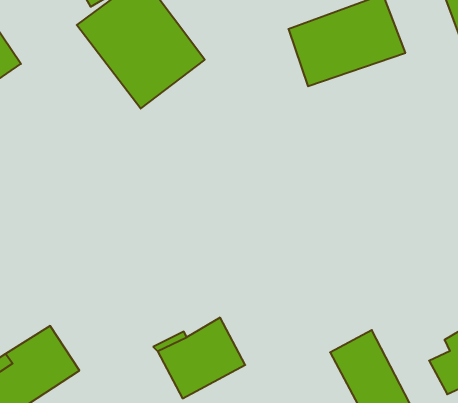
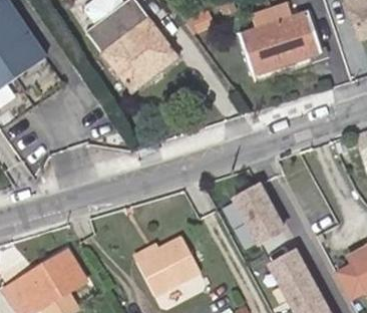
building: none -> [230,183,285,247]

